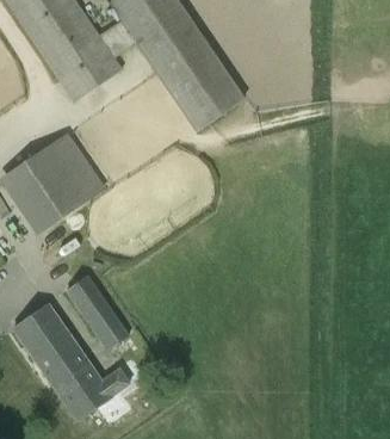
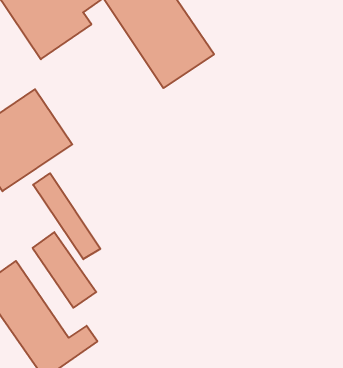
building: none -> [33,173,100,259]

